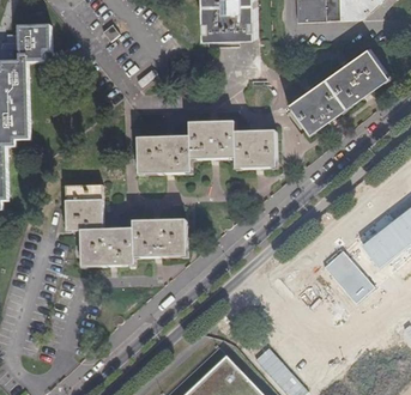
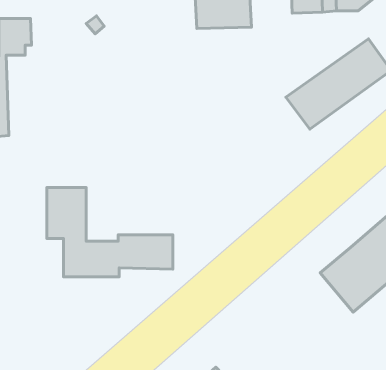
building: [140,124,277,176] -> none

